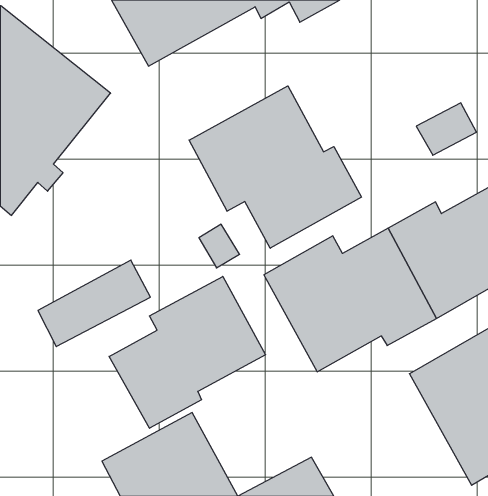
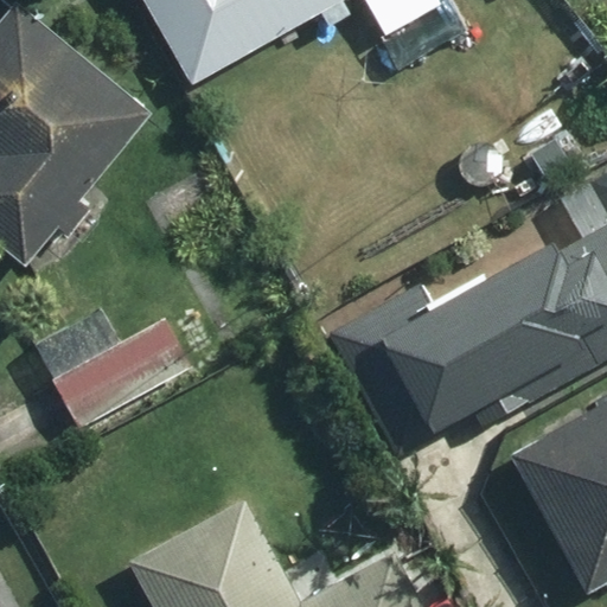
building: [189,86,361,248] -> none
building: [109,276,266,428] -> none

